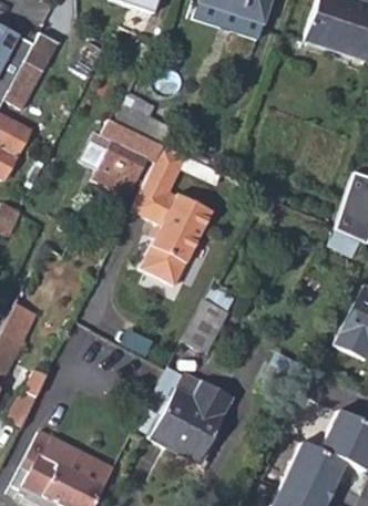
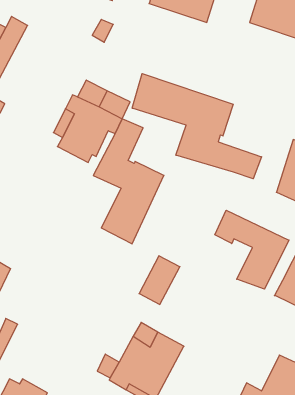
building: none -> [132,74,262,179]
building: none -> [215,210,289,289]

